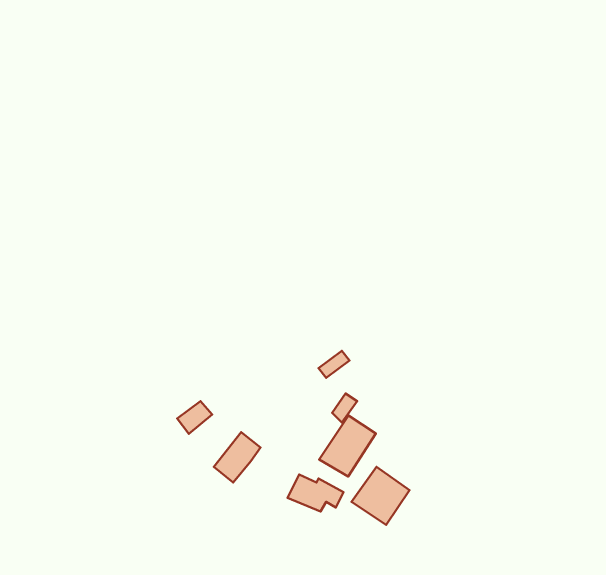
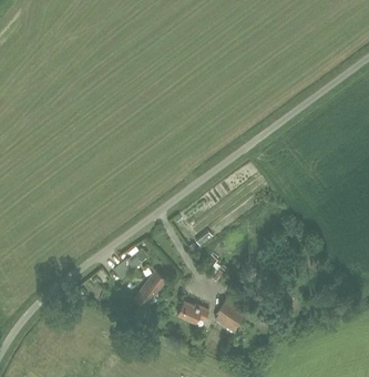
building: [319,415,376,476] -> none

